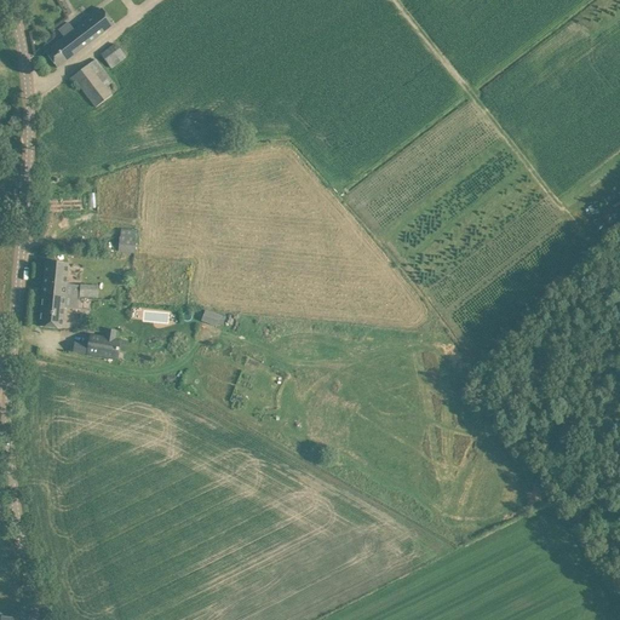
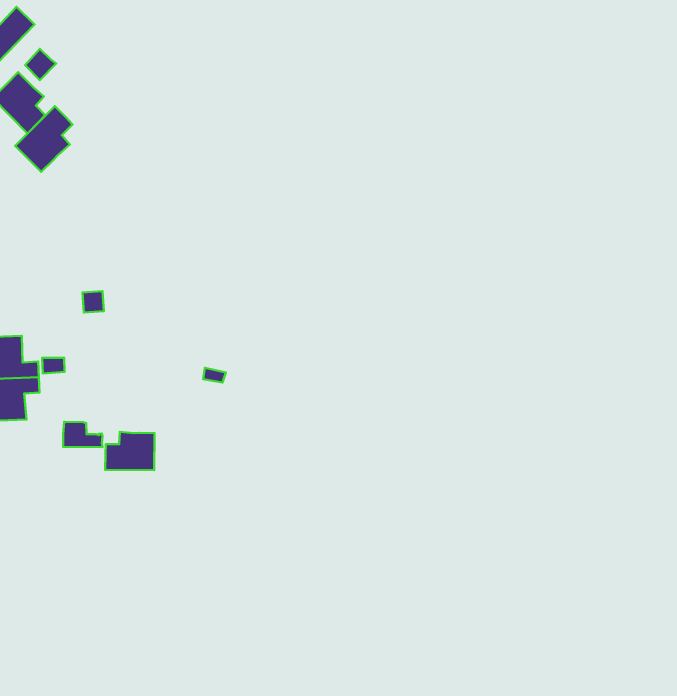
building: none -> [15,106,72,172]
building: none -> [105,432,154,470]

